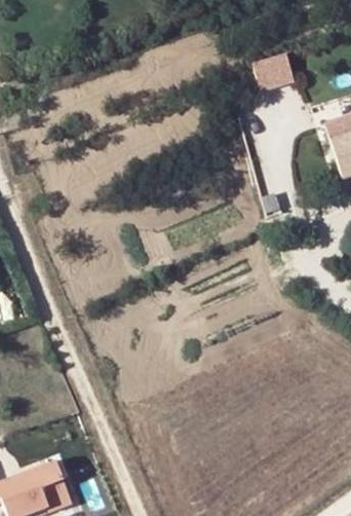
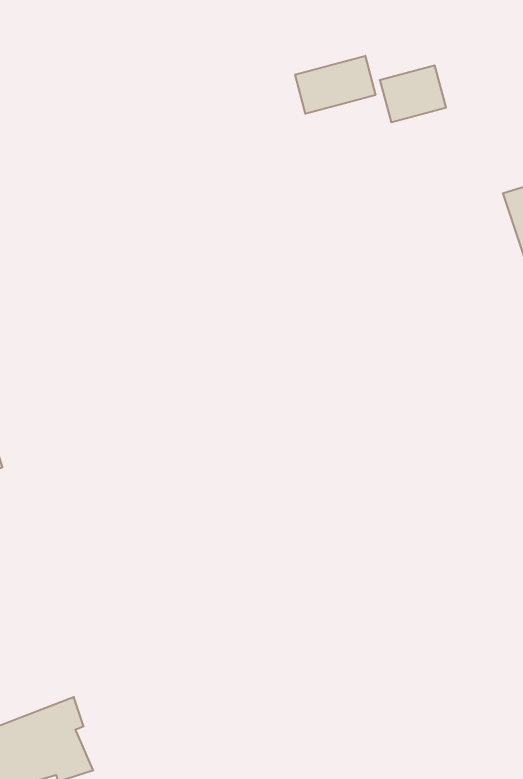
building: none -> [295,56,375,114]

